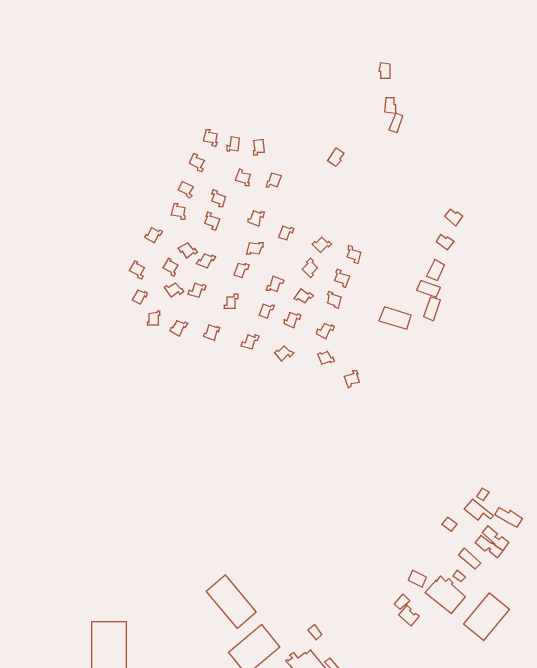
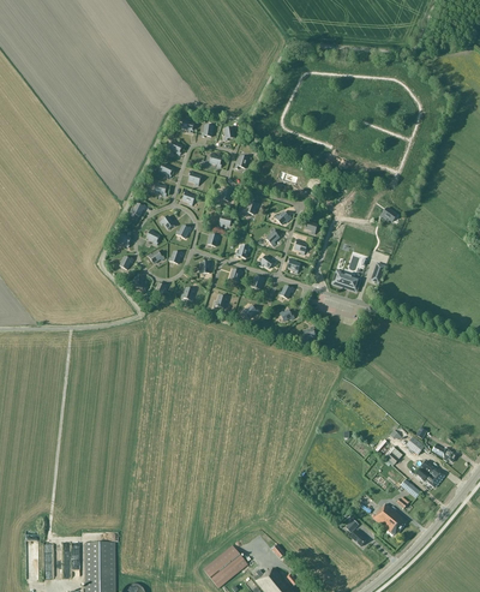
building: [206,575,256,628] -> none
building: [463,593,510,641] -> none

